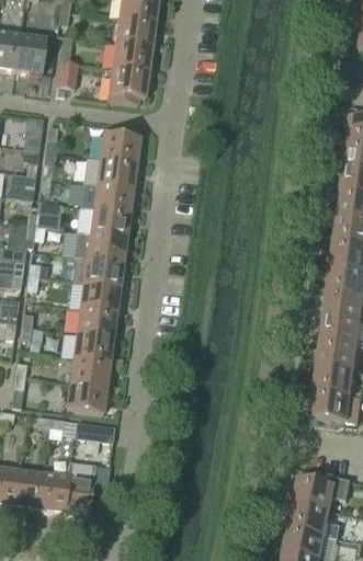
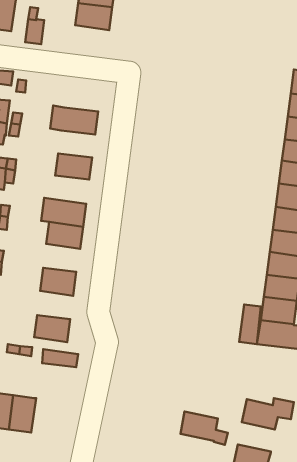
building: [107,68,148,105] -> none
building: [99,134,139,162] -> none
building: [80,181,133,213] -> none
building: [73,230,126,263] -> none
building: [76,307,116,337] -> none
building: [69,358,109,389] -> none
building: none -> [239,304,261,344]
building: [63,461,95,516] -> none
building: [288,502,340,538] -> [181,412,228,445]

